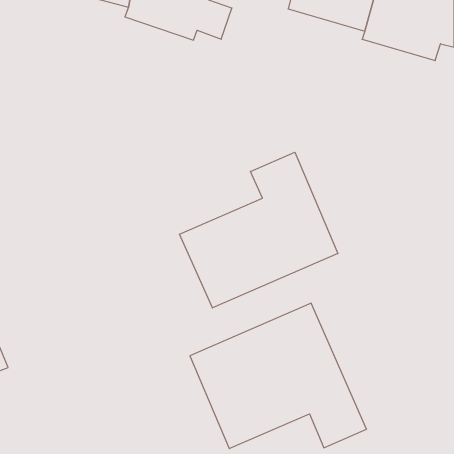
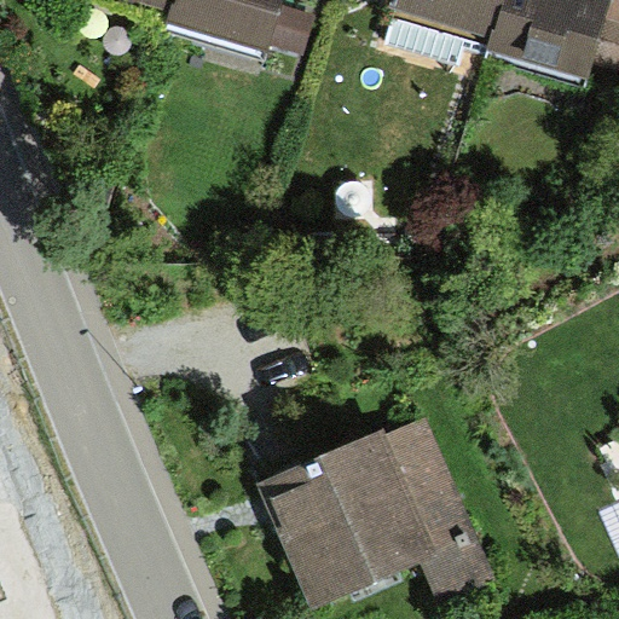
building: [180,152,338,308] -> none

